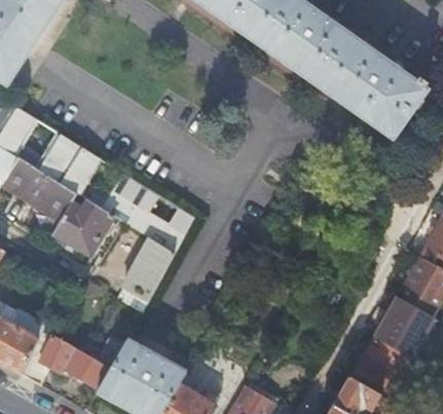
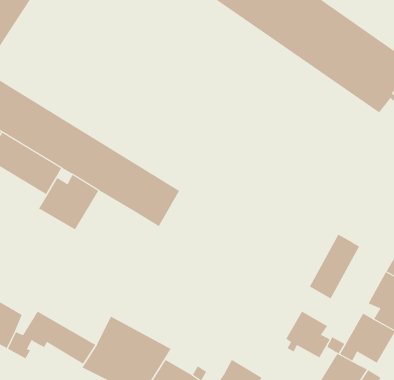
building: [117,238,174,310] -> none
building: none -> [309,234,360,299]
building: none -> [285,311,331,358]

